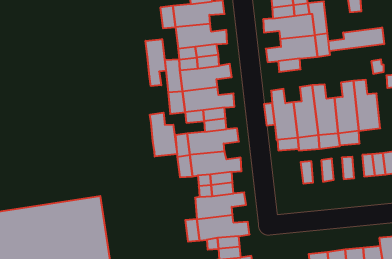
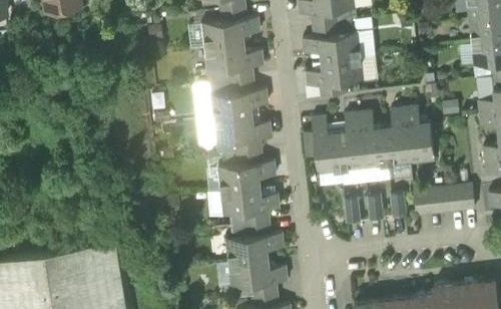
building: [329,27,384,51] -> none
building: [146,39,166,86] -> none
building: [150,113,177,157] -> none

